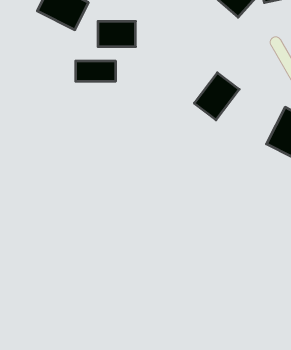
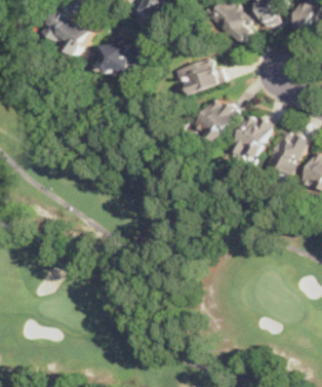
building: none -> [177,56,223,93]
building: [76,61,115,81] -> none
building: none -> [229,111,273,161]

